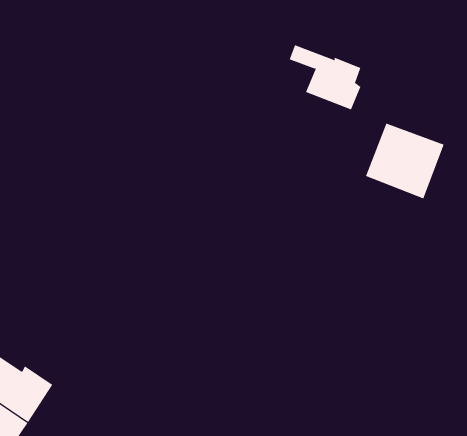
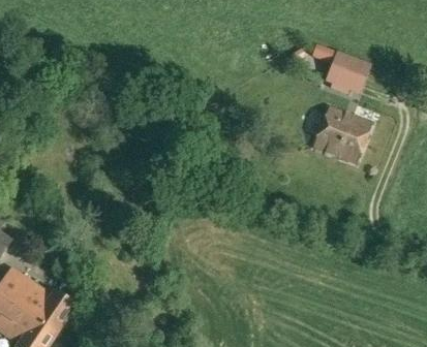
building: [289,45,361,110] -> [312,43,367,93]

